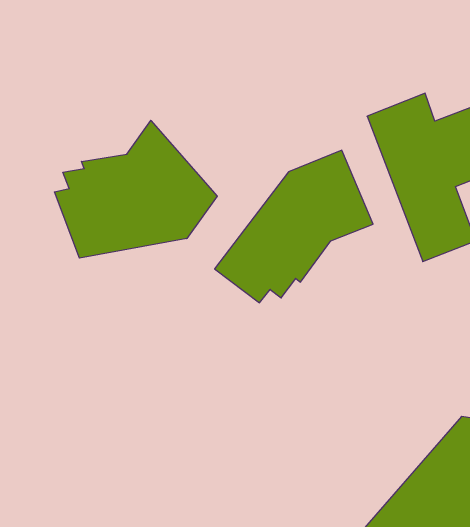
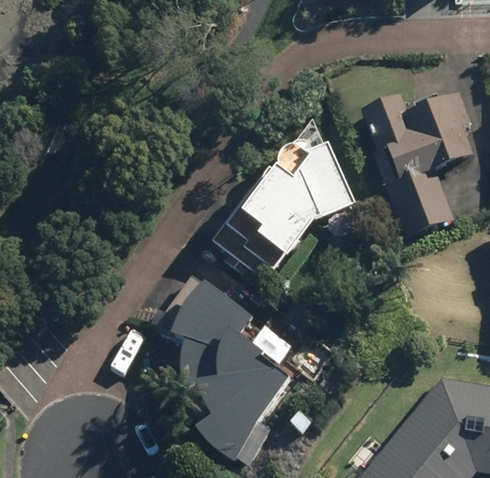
building: [54,120,217,258] -> none
building: none -> [176,272,292,464]

